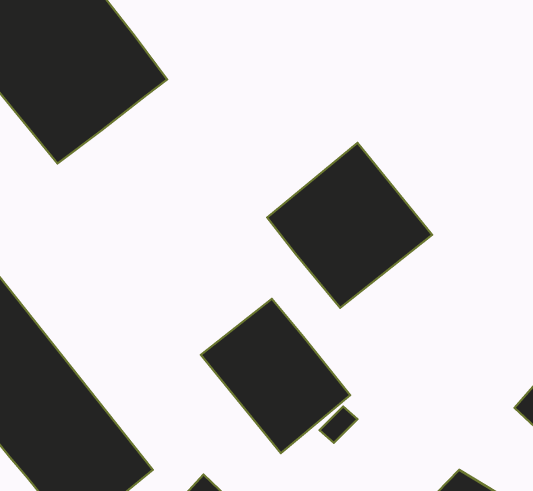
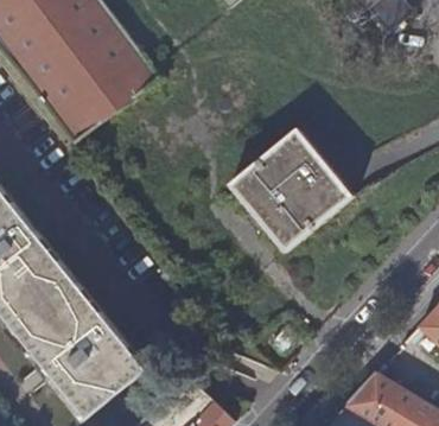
building: [201,299,350,453] -> none

